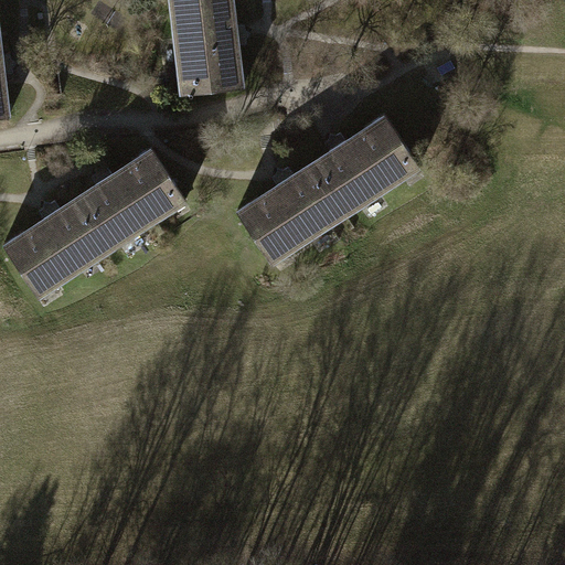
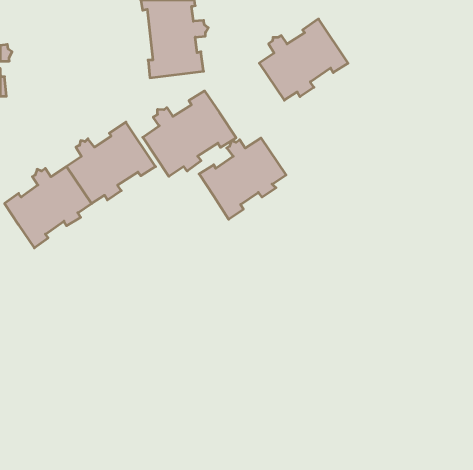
building: none -> [143,91,236,176]
building: [311,115,417,212] -> [259,19,348,100]

